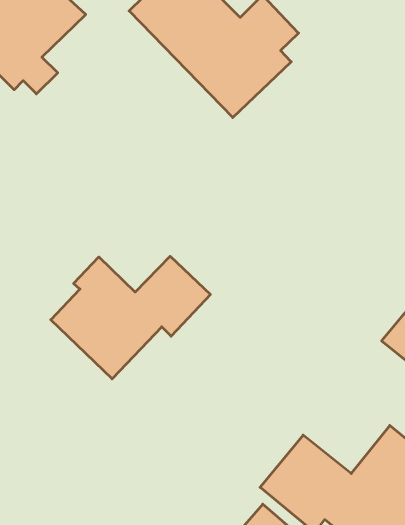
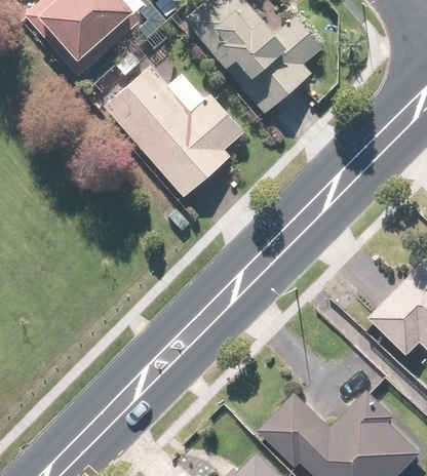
building: none -> [100,68,244,202]
building: [51,256,210,379] -> none

